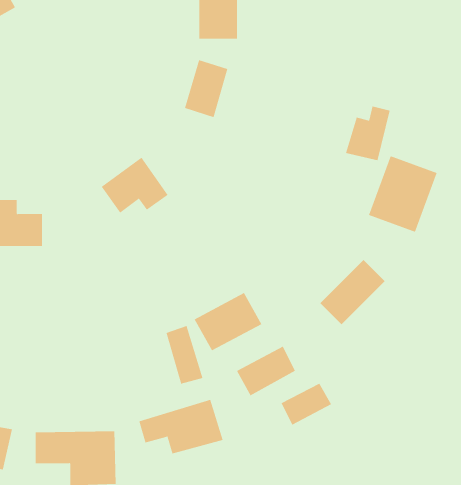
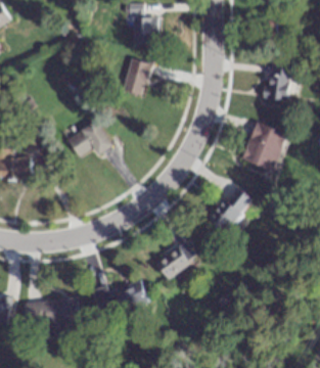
building: [345,106,391,161] -> [263,65,292,101]
building: [194,292,262,351] -> none
building: [166,325,203,384] -> none
building: [281,383,332,425] -> none

